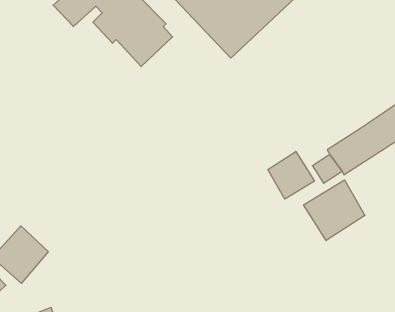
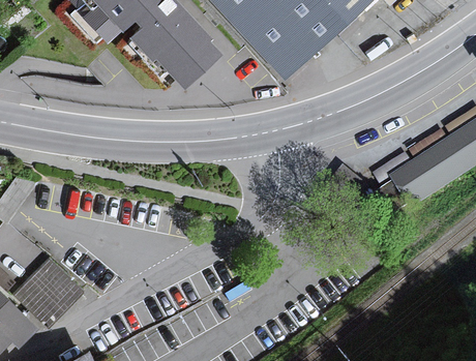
building: [268,151,315,199] -> none
building: [304,180,365,241] -> none

